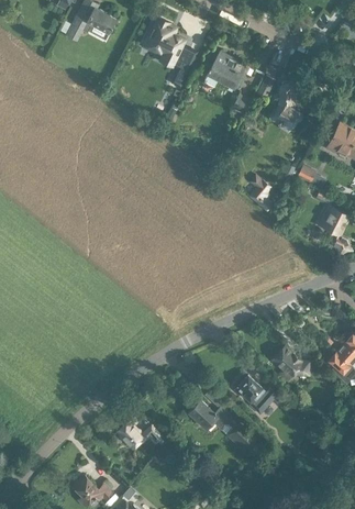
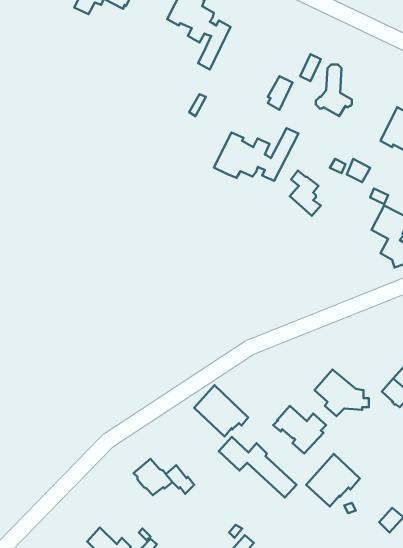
building: [206,51,248,89] -> none
building: none -> [214,128,298,181]
building: none -> [194,385,248,436]
building: none -> [306,454,360,506]

